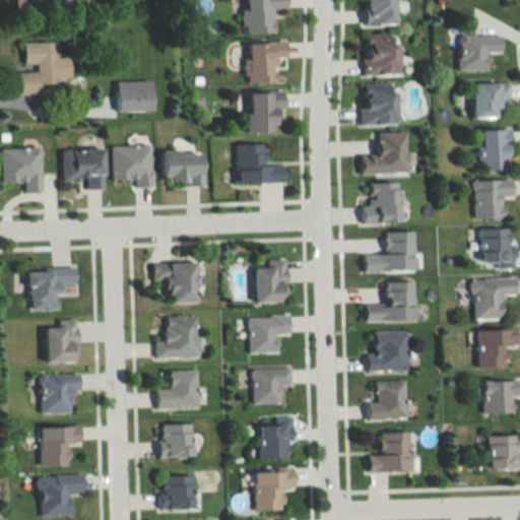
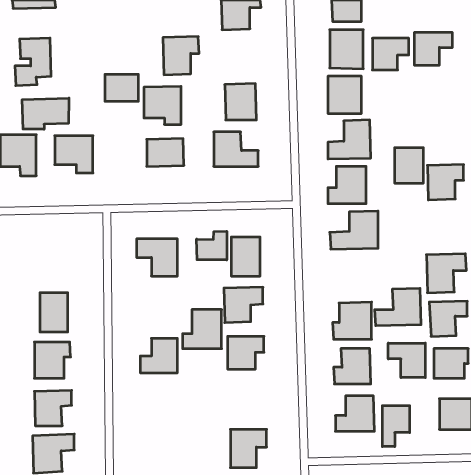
building: [249,42,288,83] -> [163,37,199,75]
building: [468,84,508,119] -> [372,38,409,70]
building: none -> [22,98,69,129]
building: [476,131,508,170] -> [395,148,423,183]
building: [114,145,154,187] -> [144,86,181,124]
building: [476,229,513,267] -> none
building: none -> [197,231,227,260]
building: [29,267,78,309] -> none
building: [367,280,417,321] -> [375,288,421,326]
building: [155,315,198,358] -> [183,310,222,349]
building: none -> [388,343,425,378]
building: [261,418,294,458] -> none
building: [161,424,194,457] -> none
building: none -> [382,406,410,447]
building: [162,476,195,509] -> none

